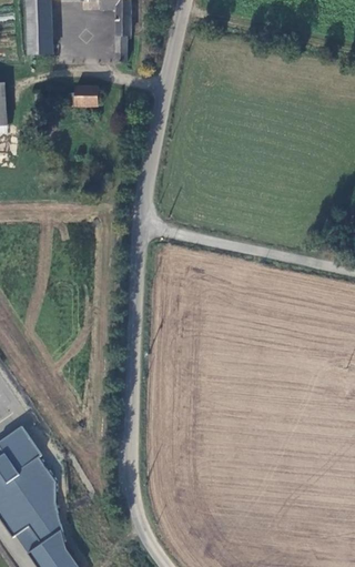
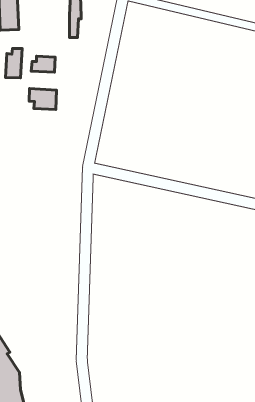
building: none -> [6,48,22,78]
building: none -> [29,88,57,109]

